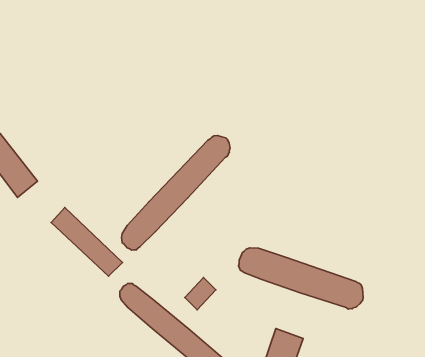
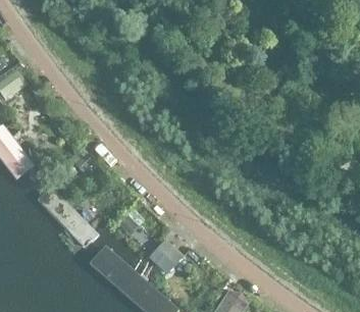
building: [121,136,230,250] -> none
building: [239,248,363,309] -> none

